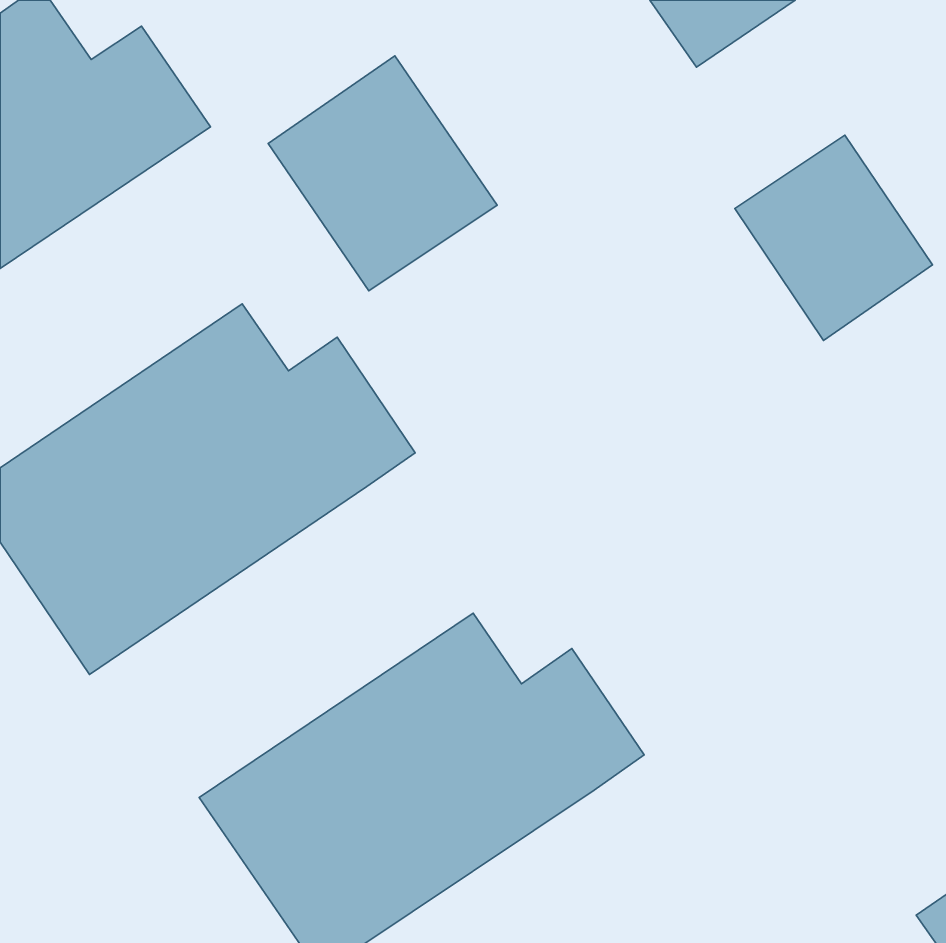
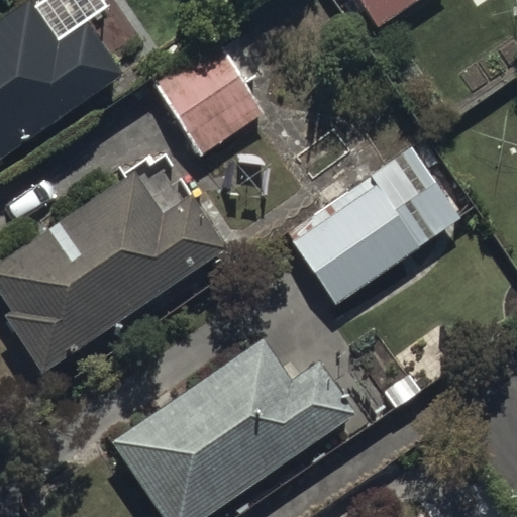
building: [735,135,932,341] -> none
building: none -> [287,148,463,309]

